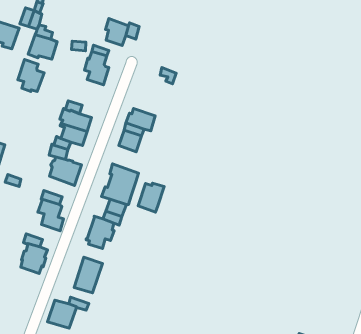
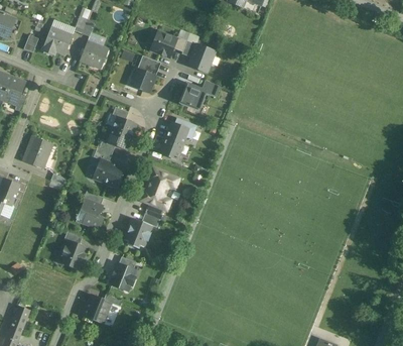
building: none -> [191,45,220,77]
building: [18,59,44,92] -> none
building: none -> [179,84,206,110]
building: [138,183,164,212] -> none

